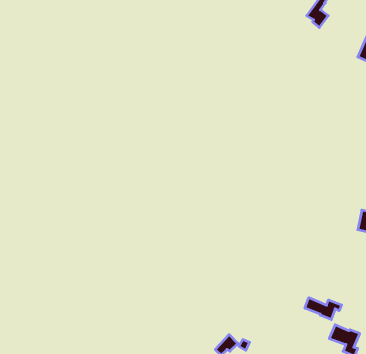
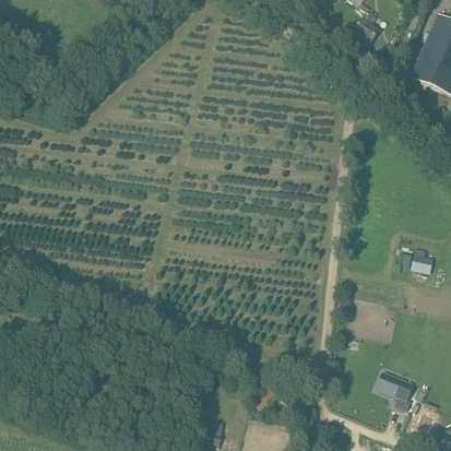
building: [305,298,342,320] -> none

